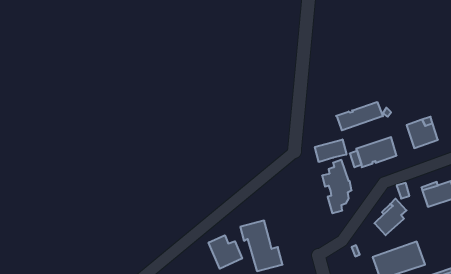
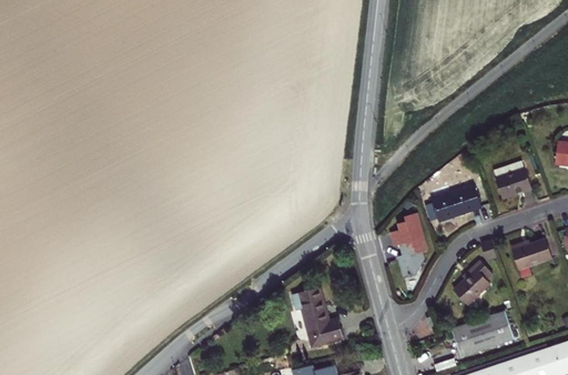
building: [336,102,383,130] -> none
building: [315,139,346,162] -> none
building: [209,235,242,269] -> none

